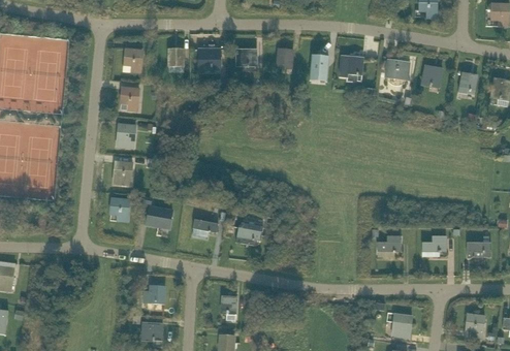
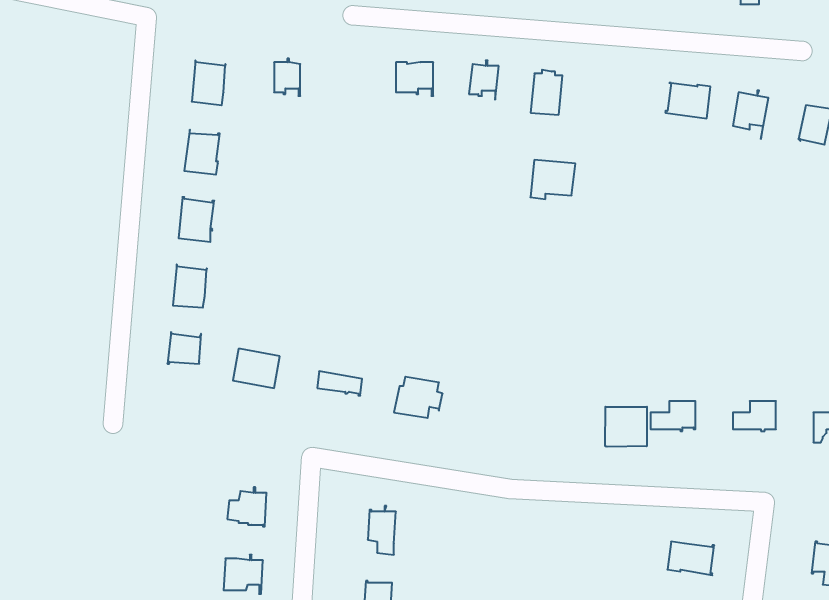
building: [199,49,220,70] -> none
building: [339,55,363,76] -> [530,160,575,199]
building: none -> [605,407,647,447]

